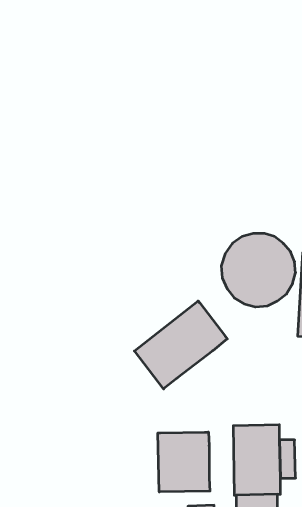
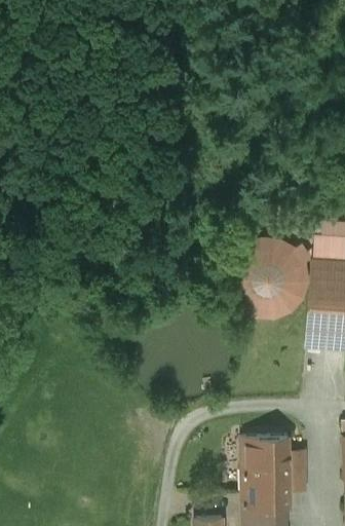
building: [134,301,227,389] -> none
building: [158,432,210,492] -> none

